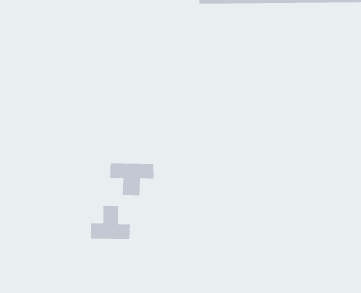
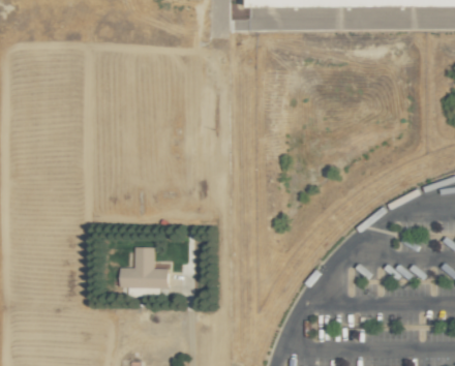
building: [109,163,154,196] -> none

